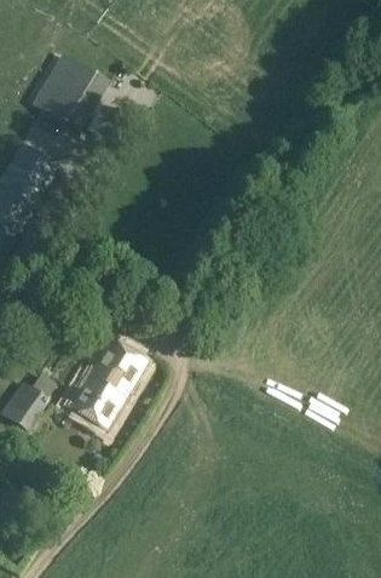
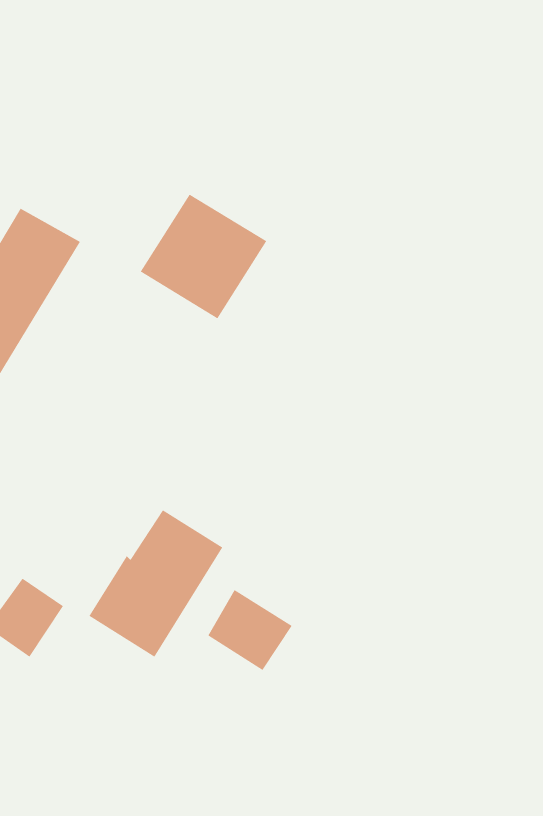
building: [28,53,109,133] -> [140,194,267,319]
building: none -> [207,589,293,671]

